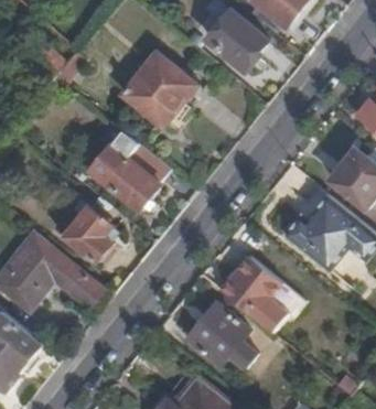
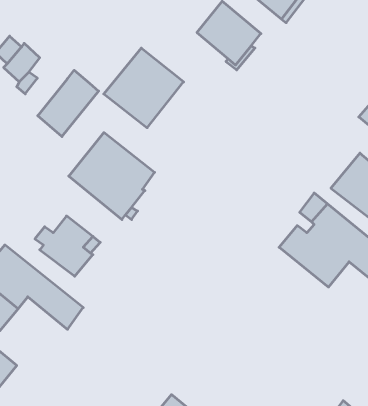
building: none -> [38,70,99,137]
building: [221,257,287,333] -> none
building: [185,302,254,367] -> none

